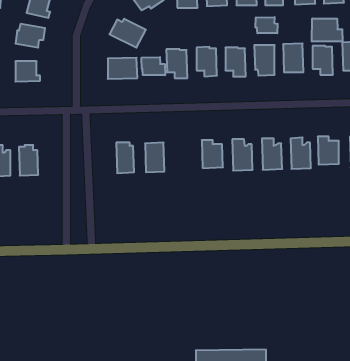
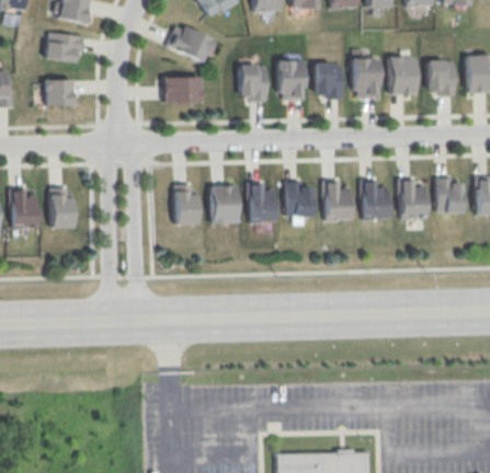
building: [256,17,278,33] -> none
building: [312,18,342,42] -> none
building: [142,57,165,75] -> none
building: none -> [249,183,275,223]

